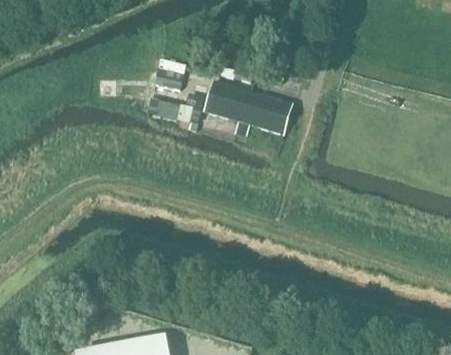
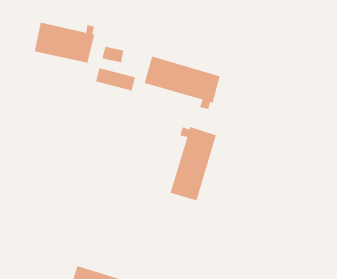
building: none -> [34,22,95,64]
building: none -> [170,126,216,201]

